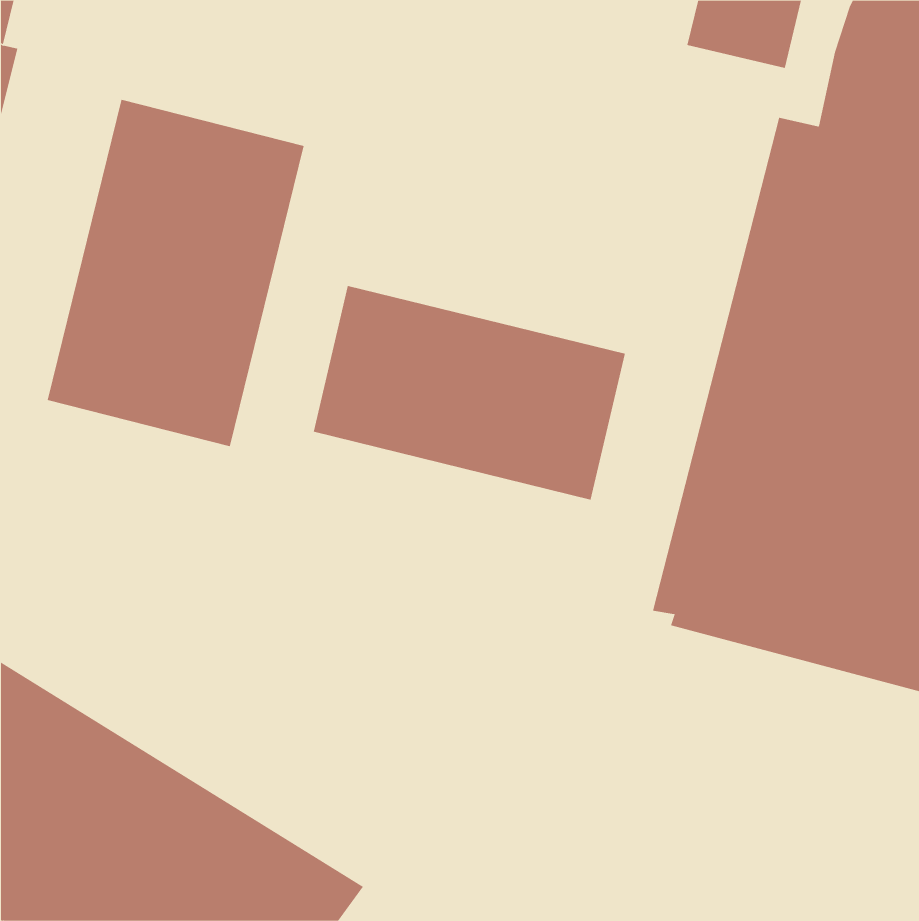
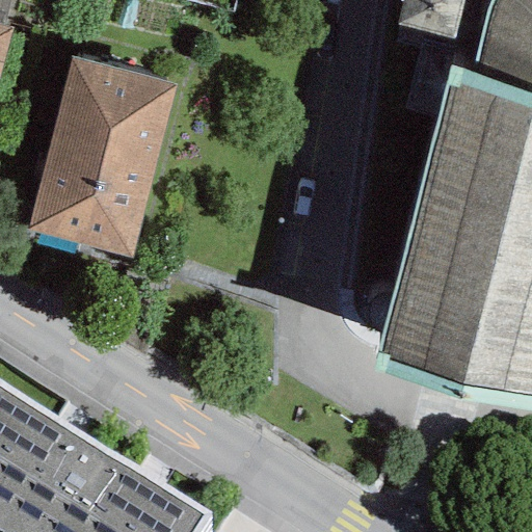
building: [313,285,625,500] -> none

